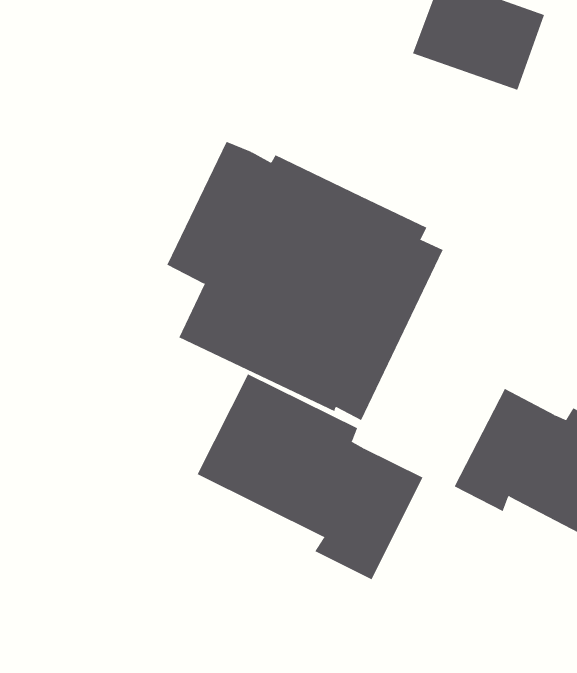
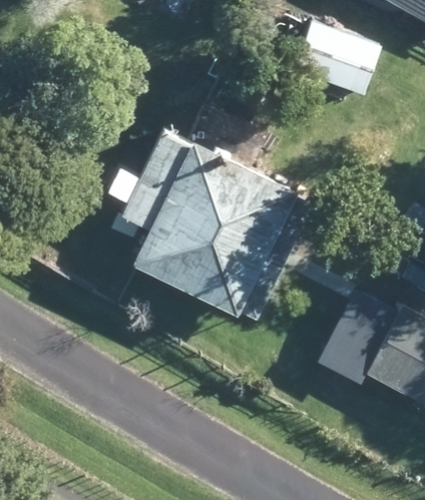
building: [197,374,423,580] -> none

